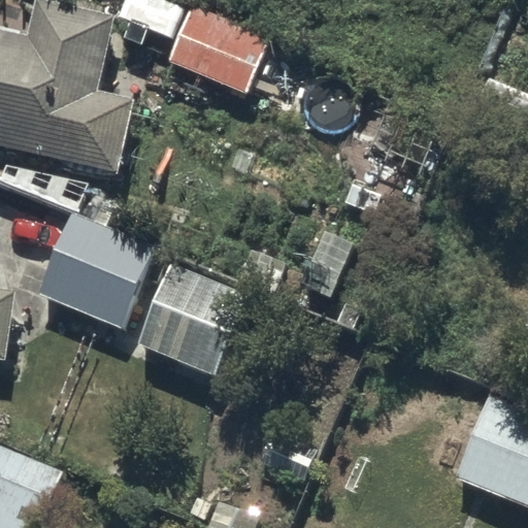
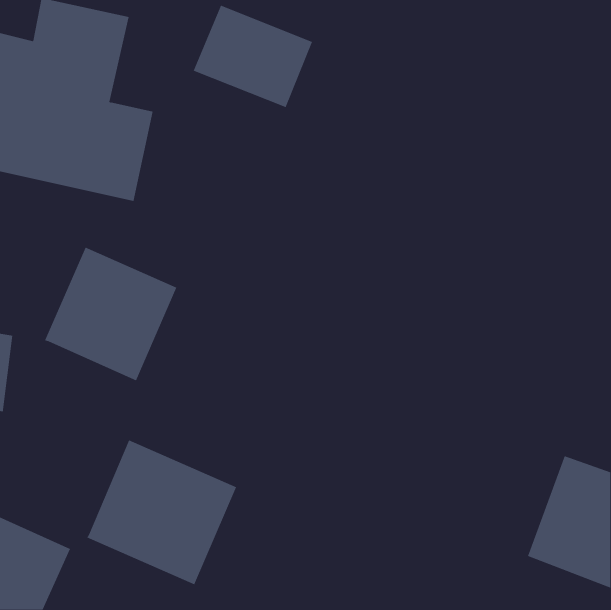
building: [136,261,249,374] -> none
building: none -> [87,440,237,585]

